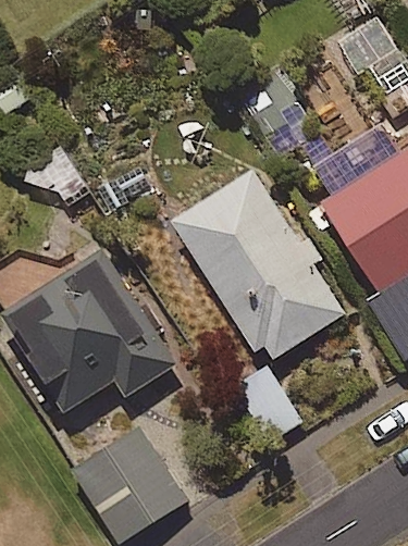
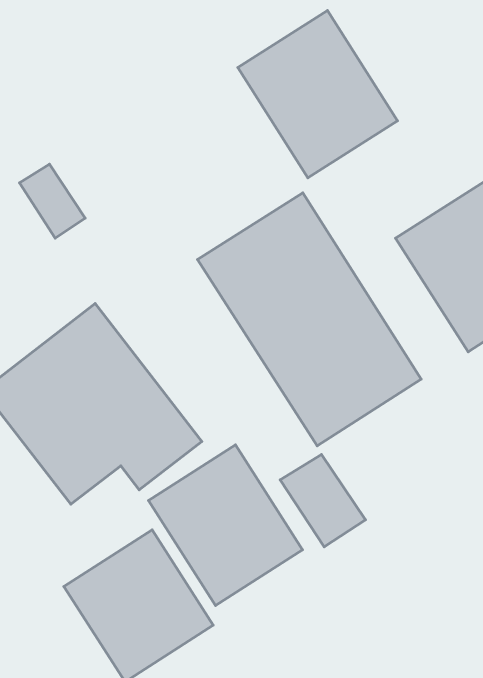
building: none -> [238,10,398,178]
building: none -> [148,445,303,605]

